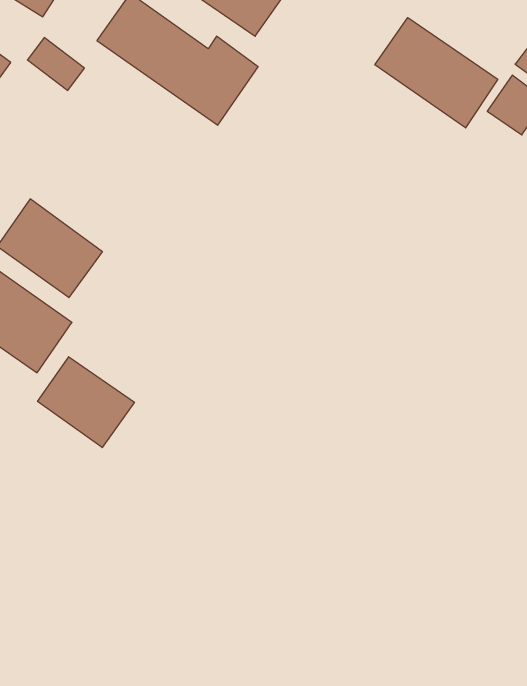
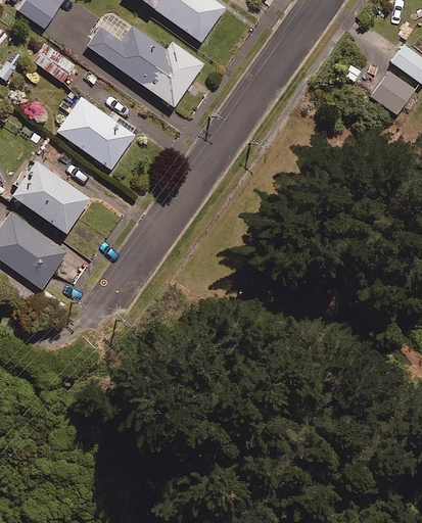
building: [375,18,498,128] -> none
building: none -> [57,97,135,170]
building: [38,357,134,448] -> none

